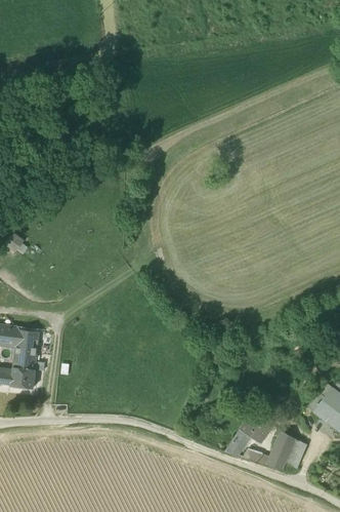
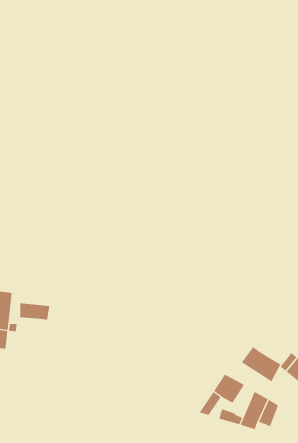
building: none -> [20,302,50,320]
building: none -> [241,346,281,382]

